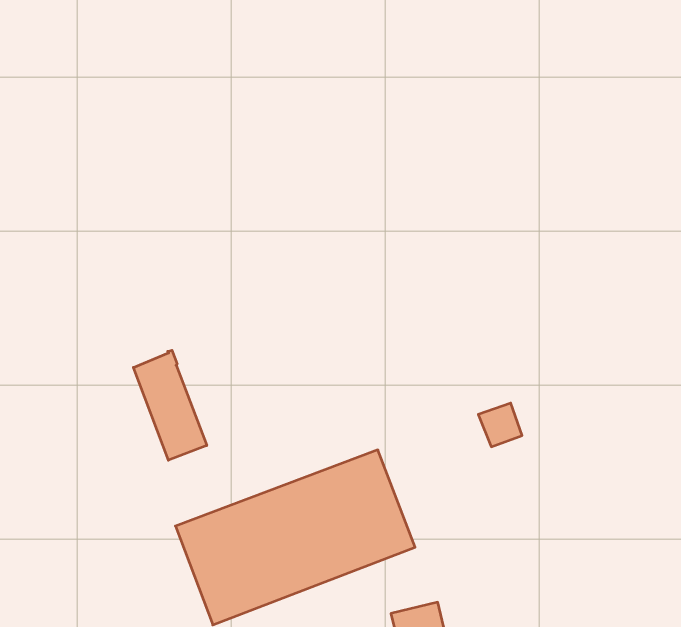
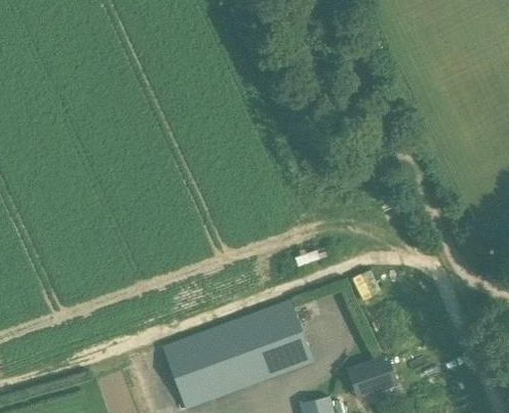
building: [133,350,207,460] -> none
building: none -> [347,353,398,397]

